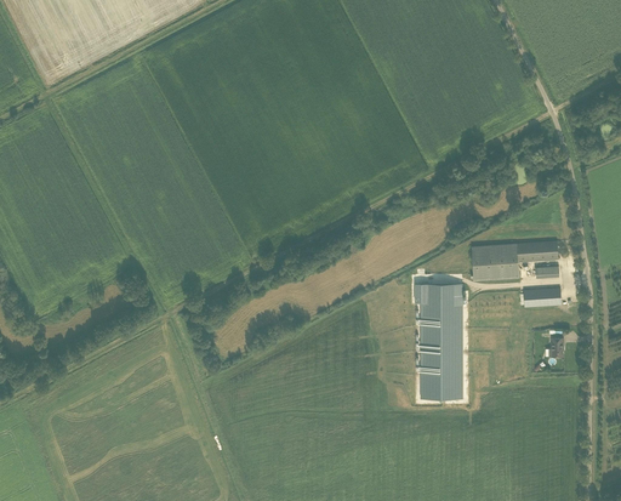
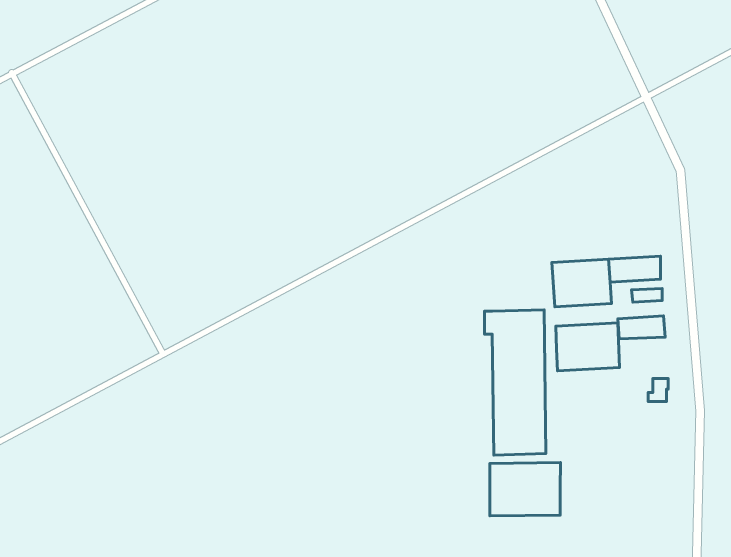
building: none -> [556,323,620,371]
building: none -> [490,463,560,516]

